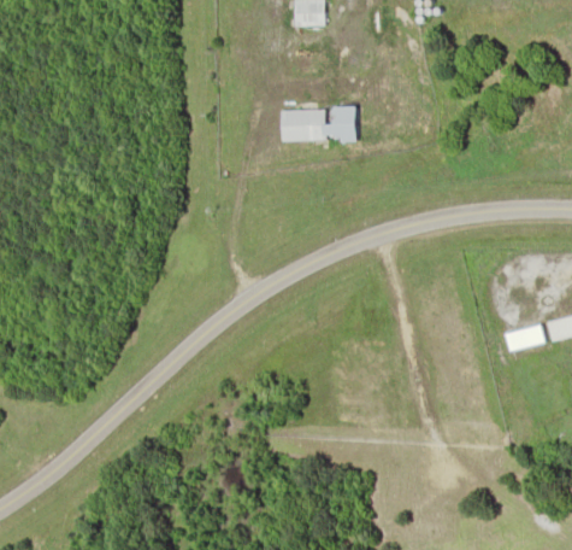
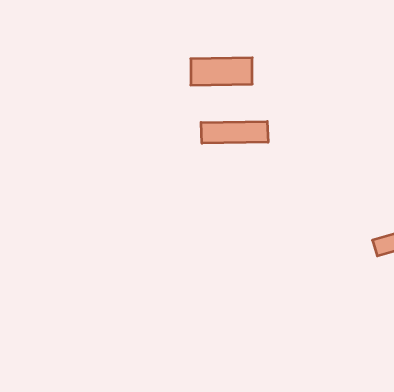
building: none -> [201,121,268,143]

